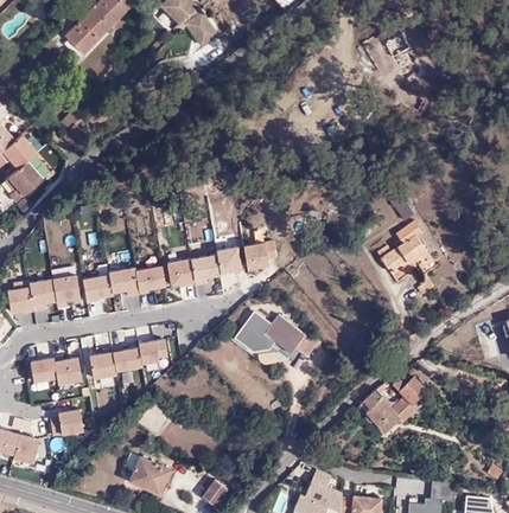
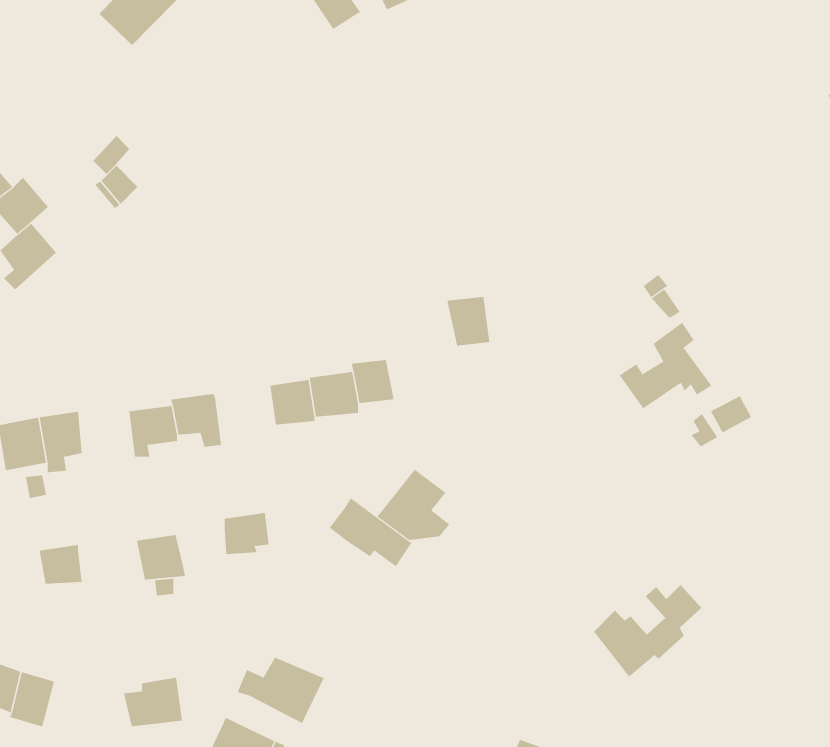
building: [243,241,269,270] -> [446,296,490,346]
building: [135,264,165,297] -> none
building: [53,275,79,309] -> none
building: [265,319,314,360] -> [329,498,412,567]
building: [112,347,142,370] -> none
building: [53,357,82,384] -> none
building: [47,409,83,438] -> [123,677,183,727]
building: none -> [237,657,325,724]

